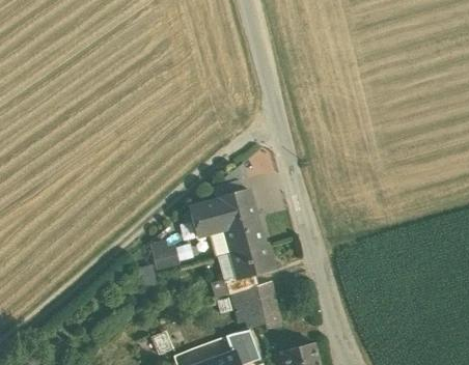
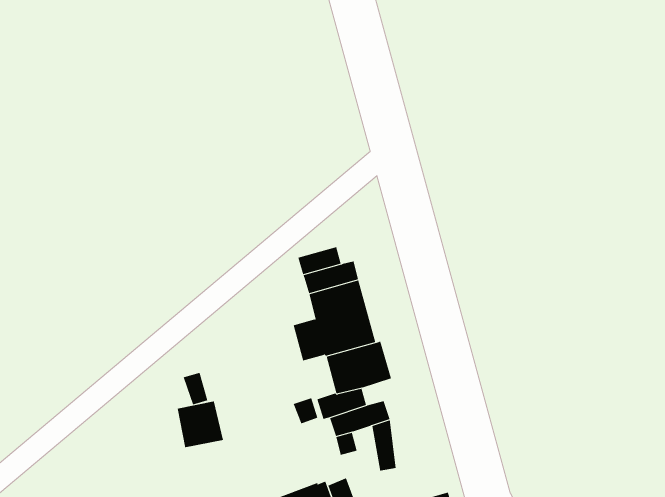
building: [189,201,224,236] -> none
building: [146,237,177,269] -> [177,401,224,448]

